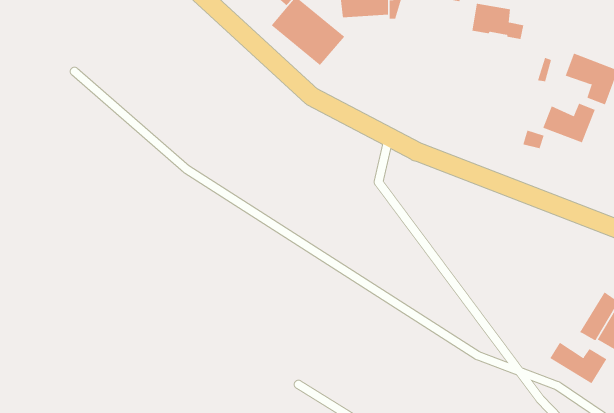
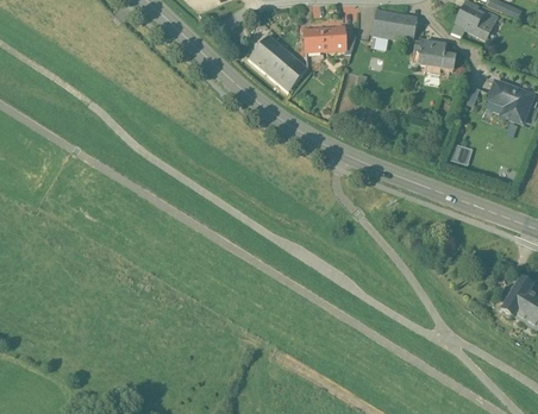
building: [543,103,595,143] -> none
building: [549,342,607,384] -> none

